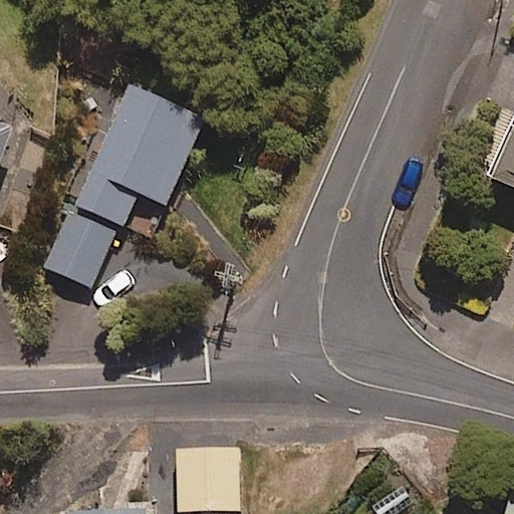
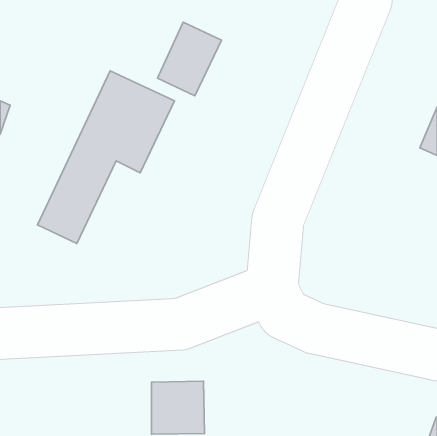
building: none -> [157,22,221,96]

